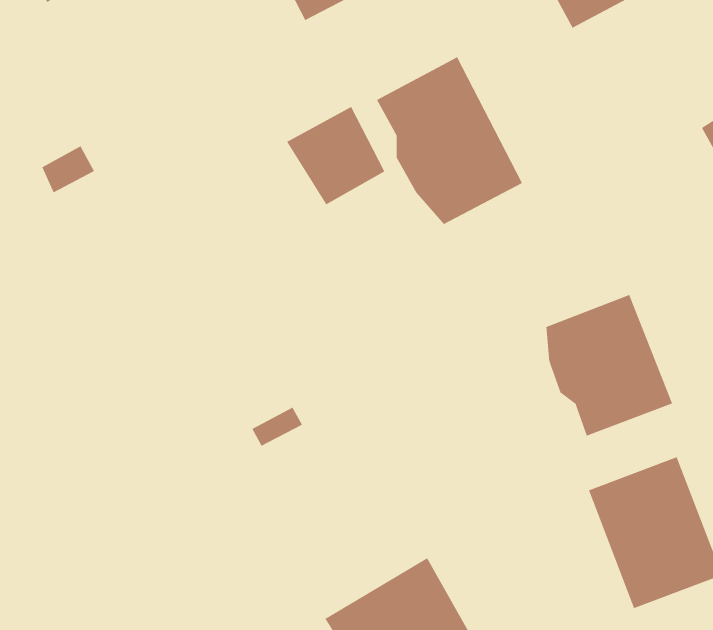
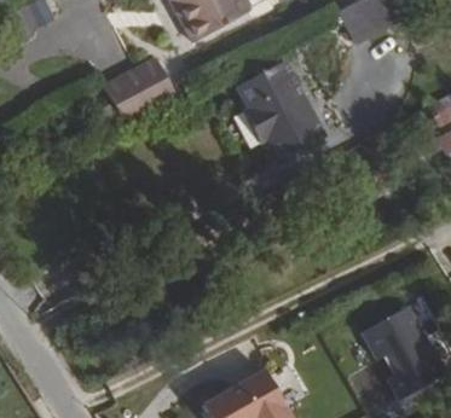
building: [286,106,385,205] -> [103,66,163,127]
building: [546,294,673,436] -> none

